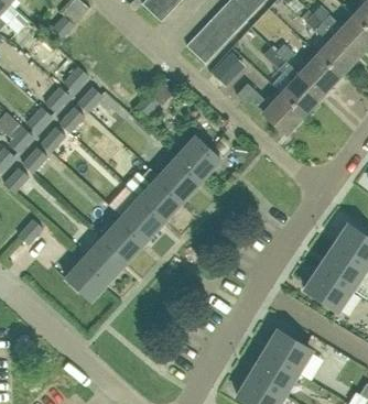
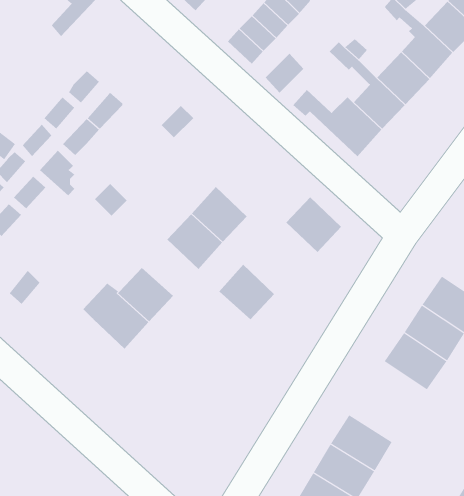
building: [176,137,219,179] -> [286,196,342,253]
building: [120,197,163,240] -> [218,264,275,320]
building: [64,258,107,301] -> none

